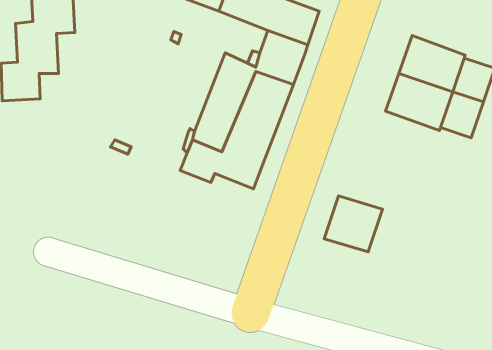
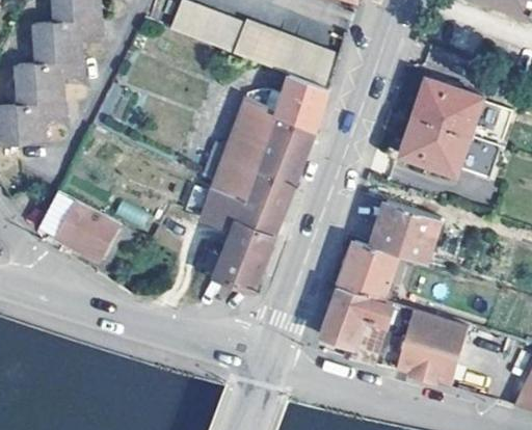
building: none -> [46,189,119,258]
building: none -> [371,199,441,262]
building: none -> [207,218,266,287]
building: none -> [321,285,394,365]
building: none -> [397,308,470,383]

